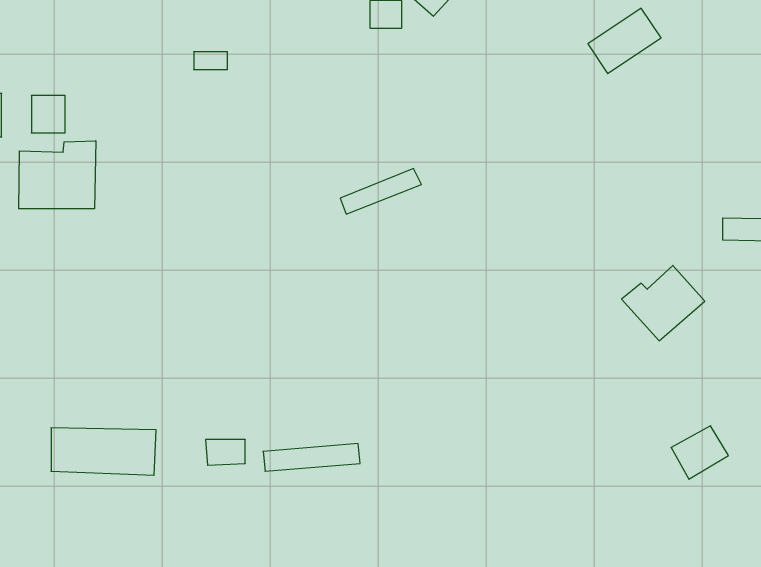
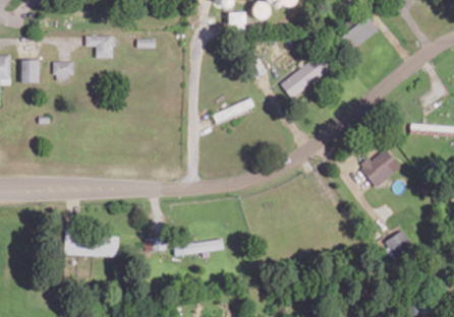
building: none -> [87,35,114,57]
building: none -> [281,53,331,98]
building: [19,141,96,209] -> none

